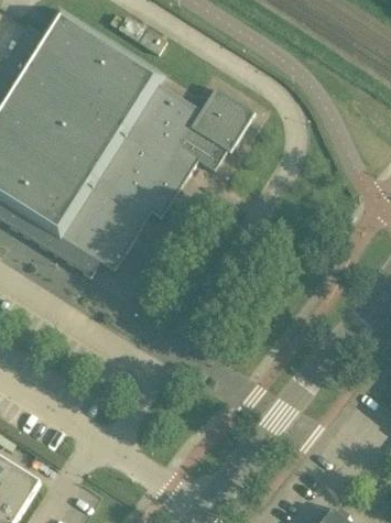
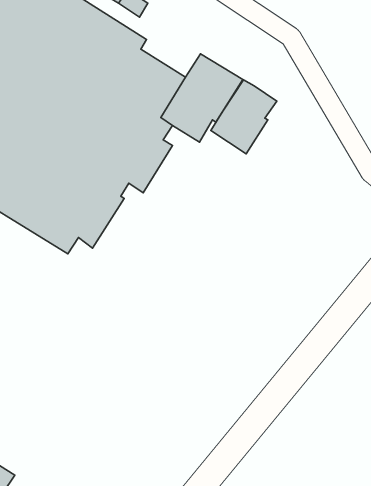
building: none -> [211,80,277,154]

